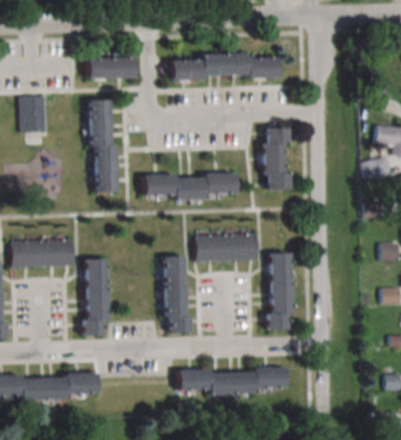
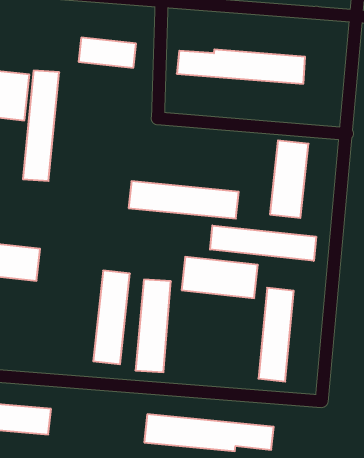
building: [92,99,114,193] -> [23,71,59,181]
building: none -> [210,225,316,261]
building: [84,258,107,335] -> [93,271,130,364]

